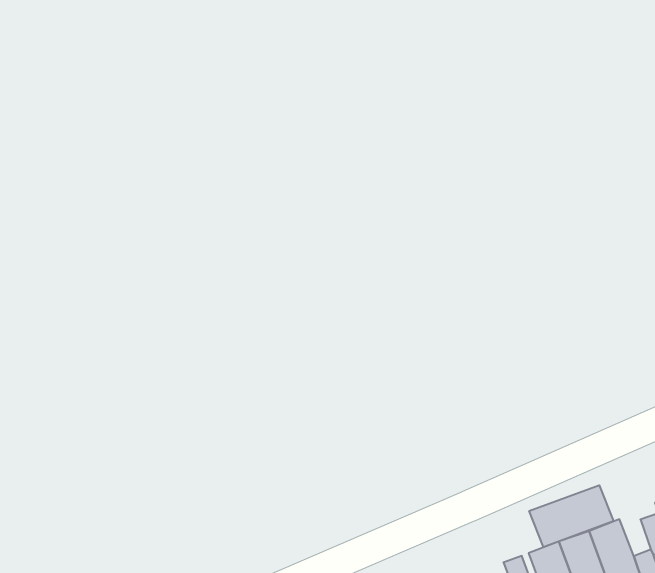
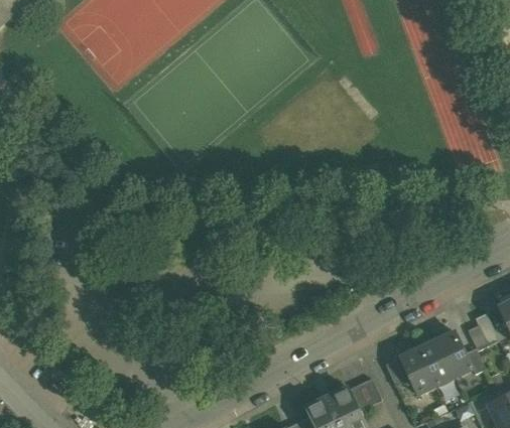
building: [529,485,614,547] -> none

